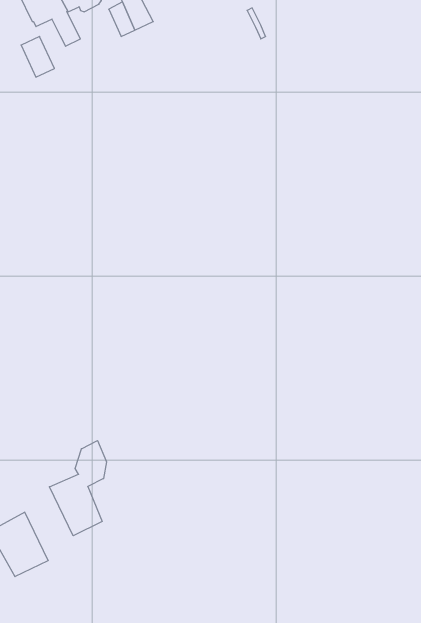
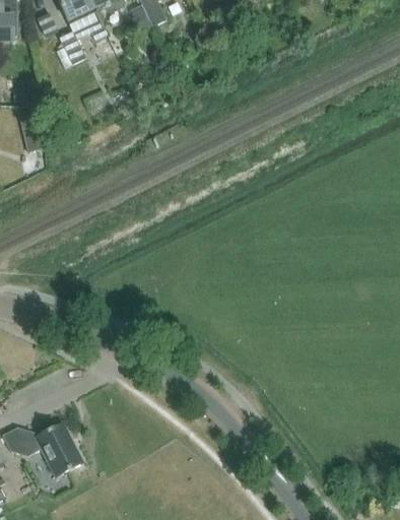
building: [49,441,106,536] -> none

